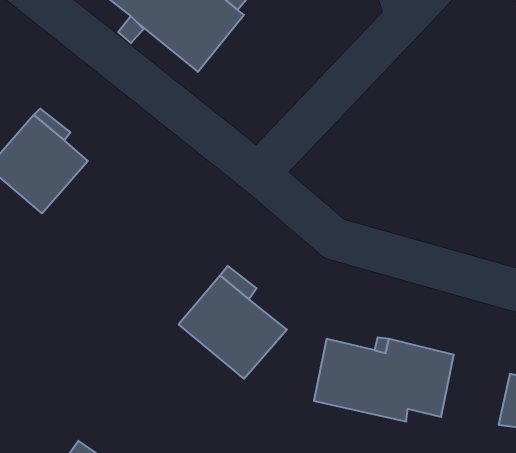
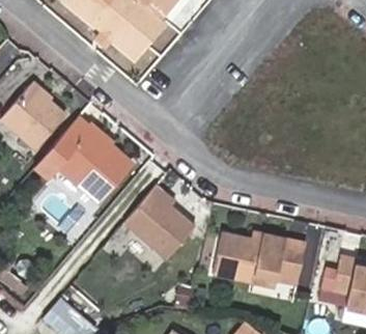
building: none -> [34,118,132,202]

